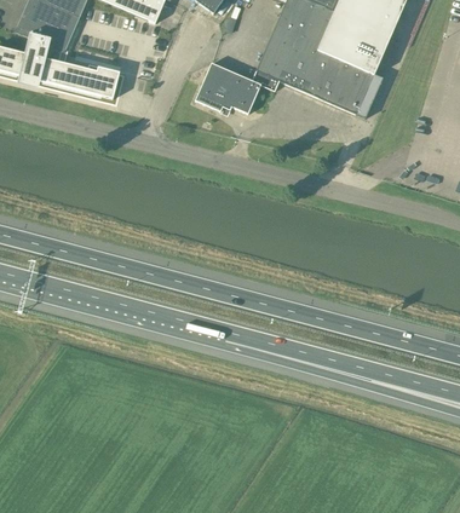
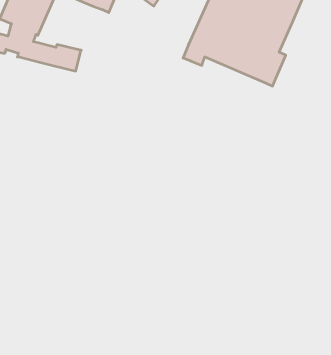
building: [196,62,261,113] -> none

